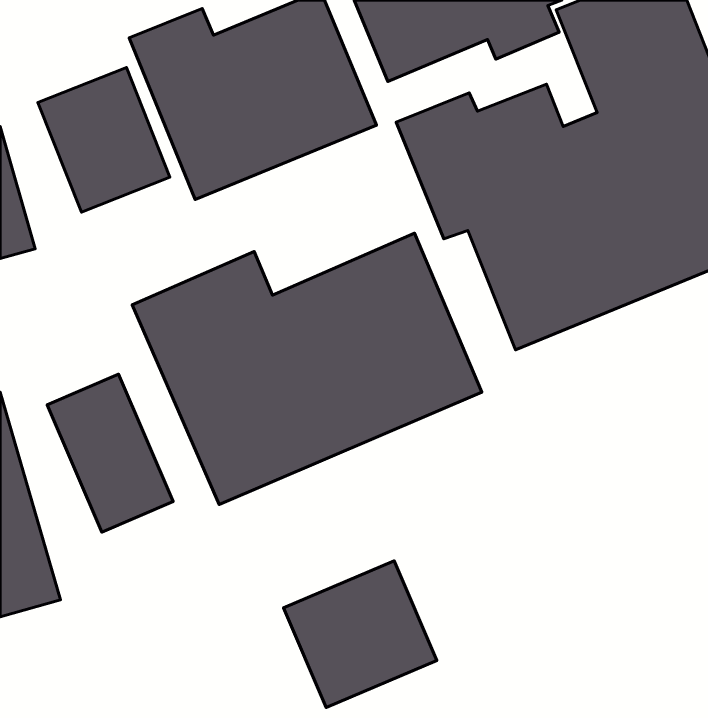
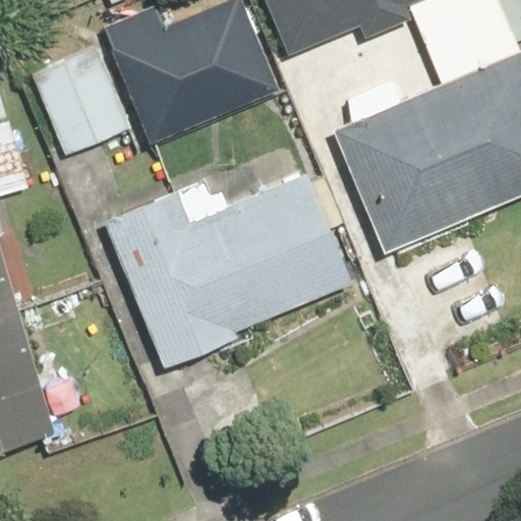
building: [47,374,173,532] -> none
building: [284,561,437,708] -> none

